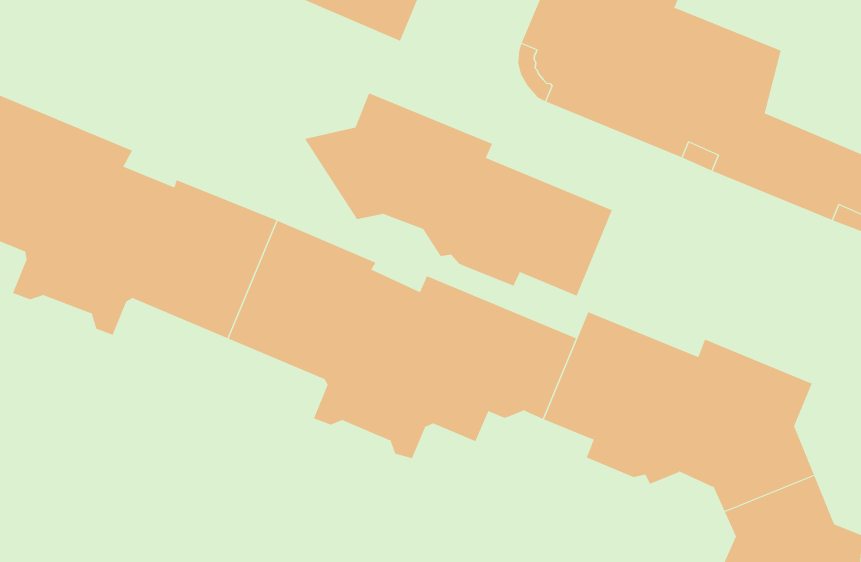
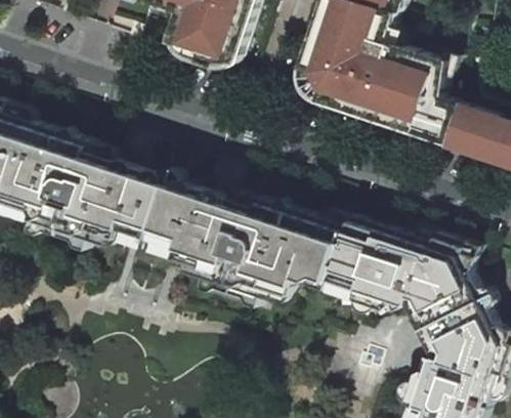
building: [304,93,612,296] -> none

